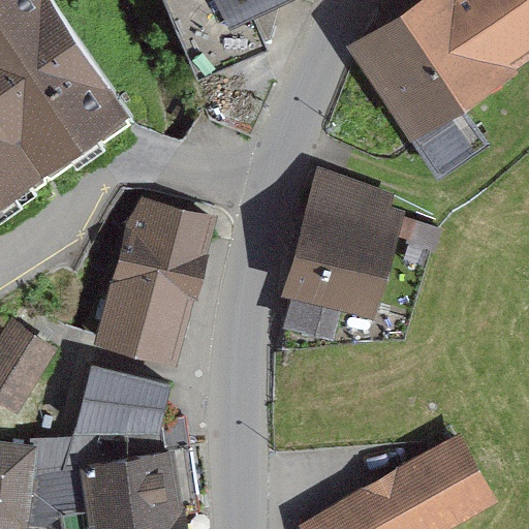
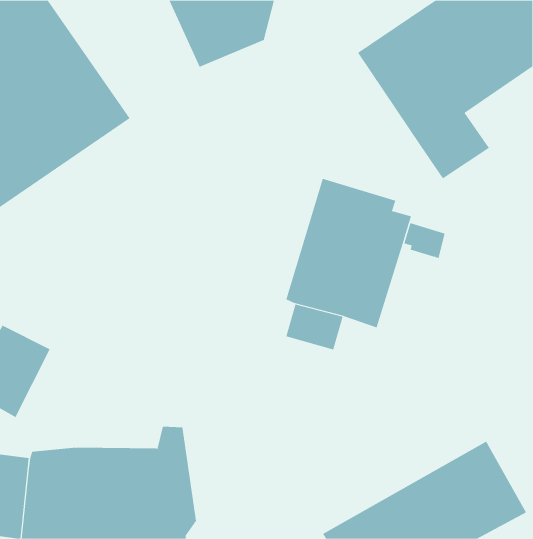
building: [91,197,214,369] -> none
building: [73,365,166,439] -> none

